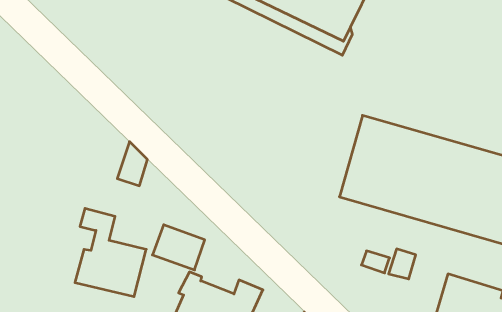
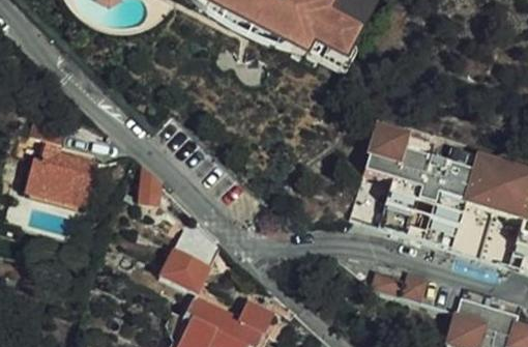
building: [75,208,146,297] -> [24,117,97,208]

